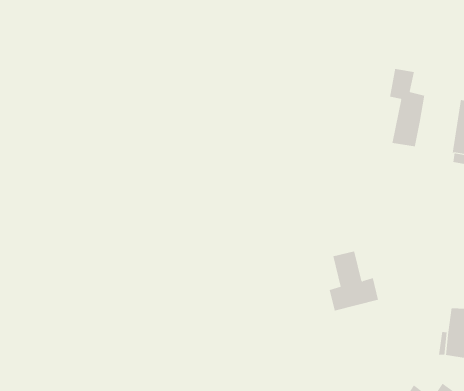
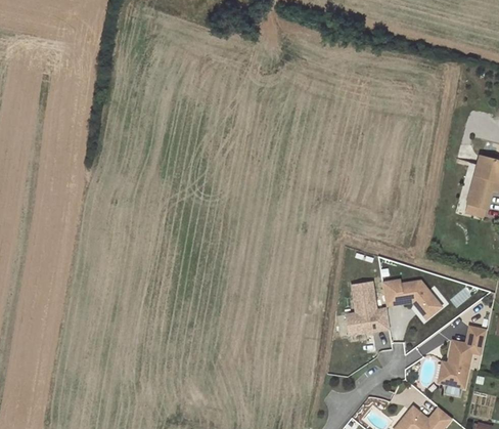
building: [389,68,425,147] -> none
building: none -> [382,280,441,318]

